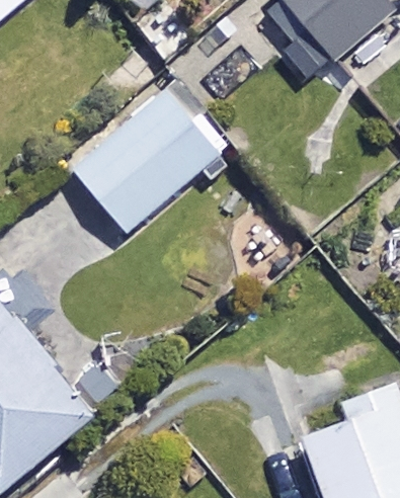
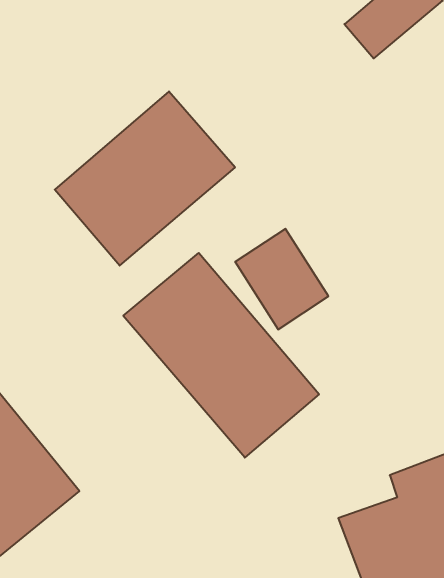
building: none -> [123,253,319,458]

